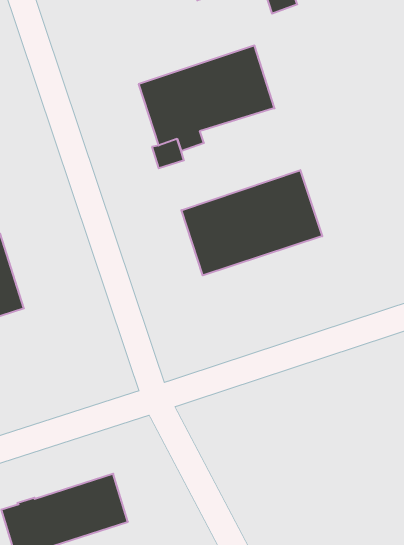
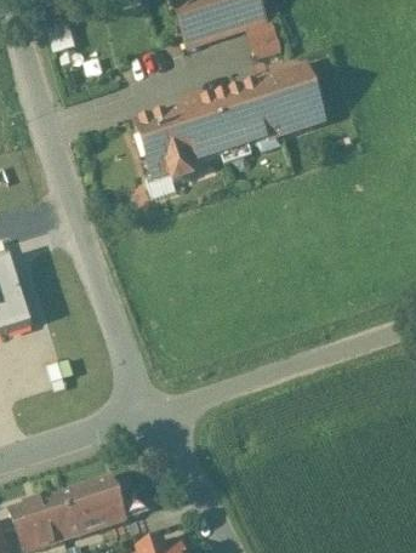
building: none -> [241,65,315,148]
building: [181,170,322,275] -> none

